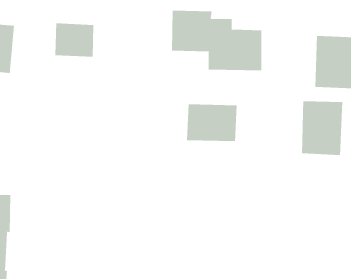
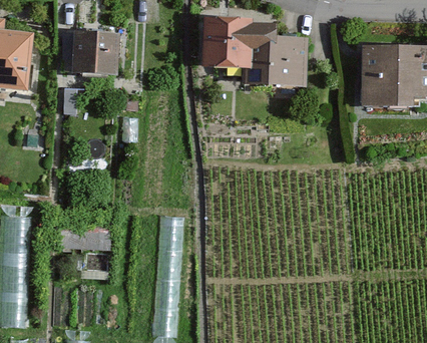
building: [301,100,343,156] -> none
building: [187,104,237,142] -> none

